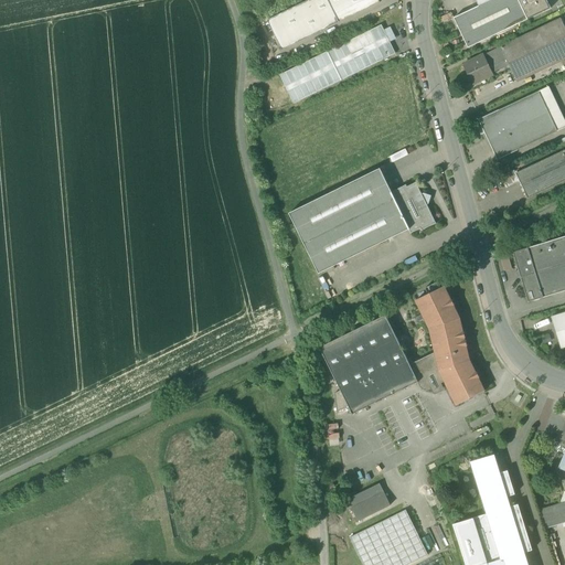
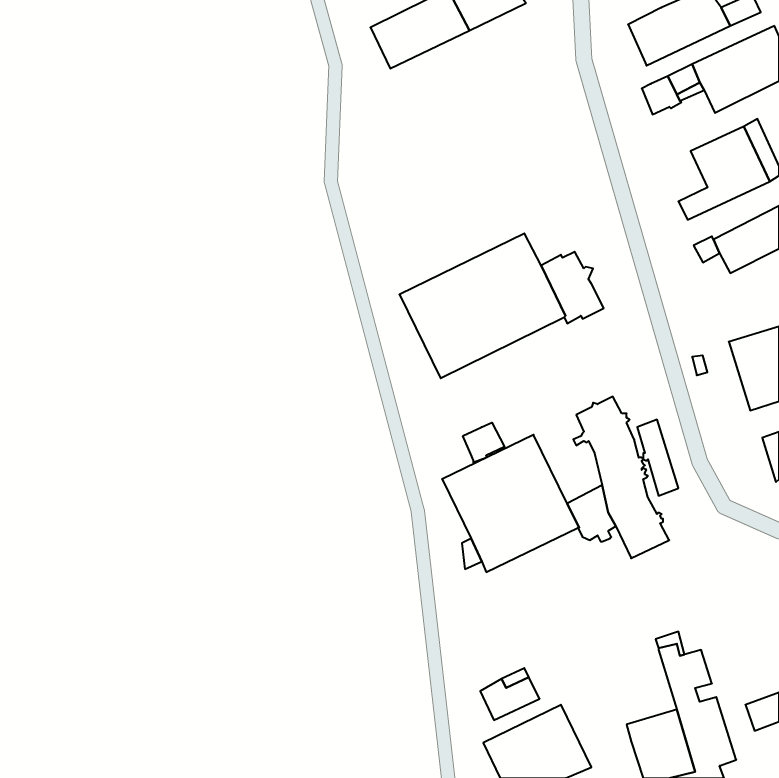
building: [279,24,394,103] -> none
building: [479,109,512,146] -> none
building: [513,247,543,302] -> [637,420,678,496]
building: none -> [463,423,505,463]

